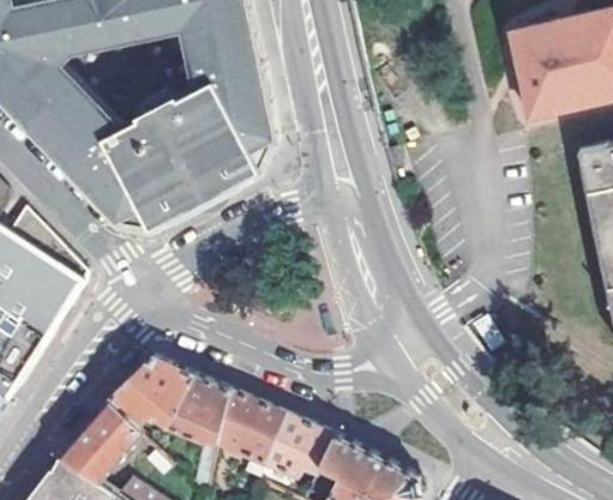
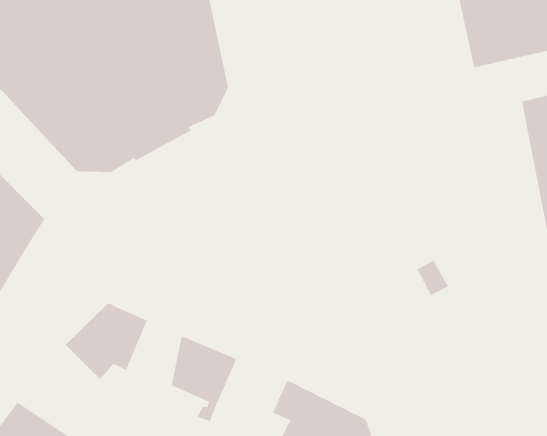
building: [169,376,226,444] -> none
building: [56,402,142,489] -> none
building: [262,416,335,480] -> none

